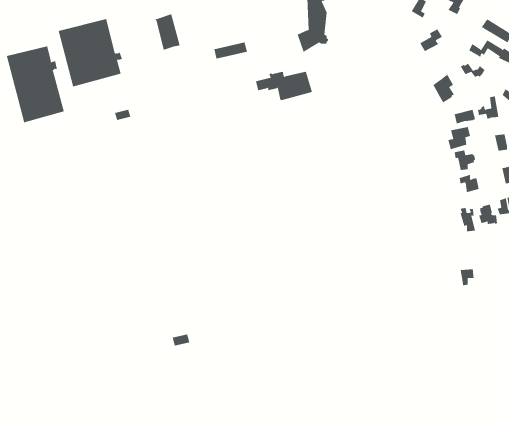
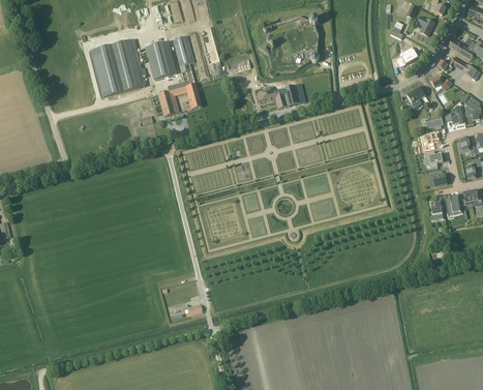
building: none -> [146,41,174,79]
building: [6,45,64,123] -> none
building: none -> [158,84,202,117]

